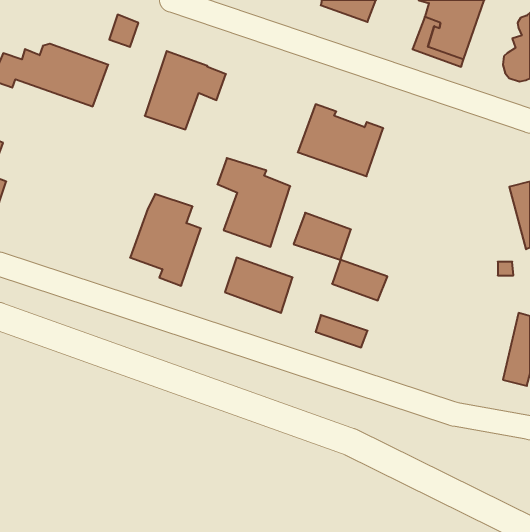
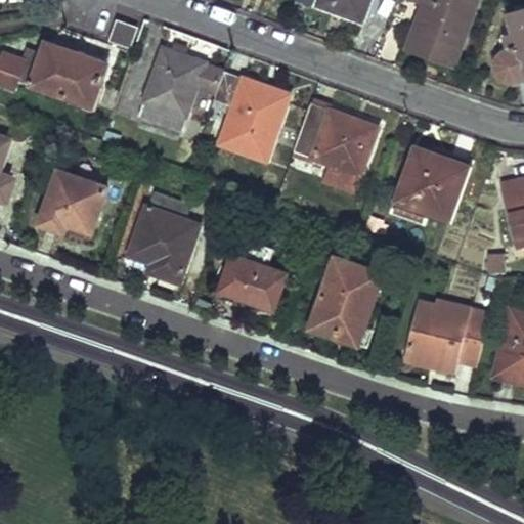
building: none -> [395,146,467,219]
building: [217,158,290,247] -> [213,74,285,161]
building: none -> [41,170,107,231]
building: [294,213,351,260] -> [315,279,372,325]
building: none -> [404,300,489,366]

